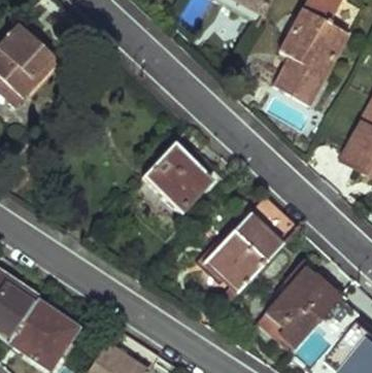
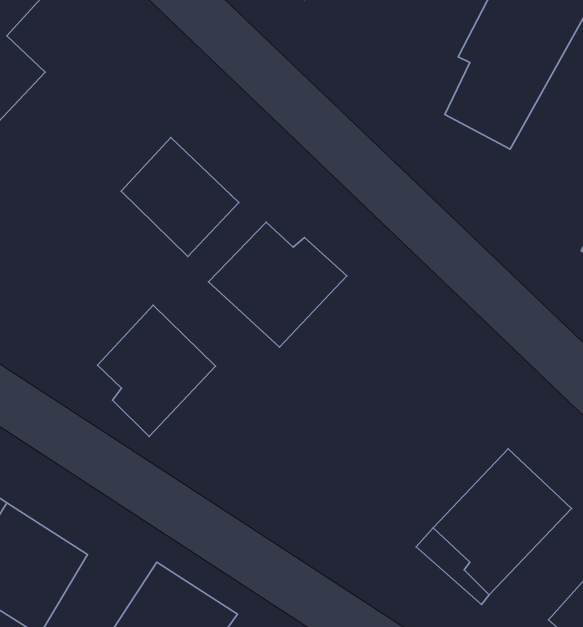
building: none -> [121,137,239,257]
building: none -> [98,305,215,436]
building: [204,197,298,289] -> none

